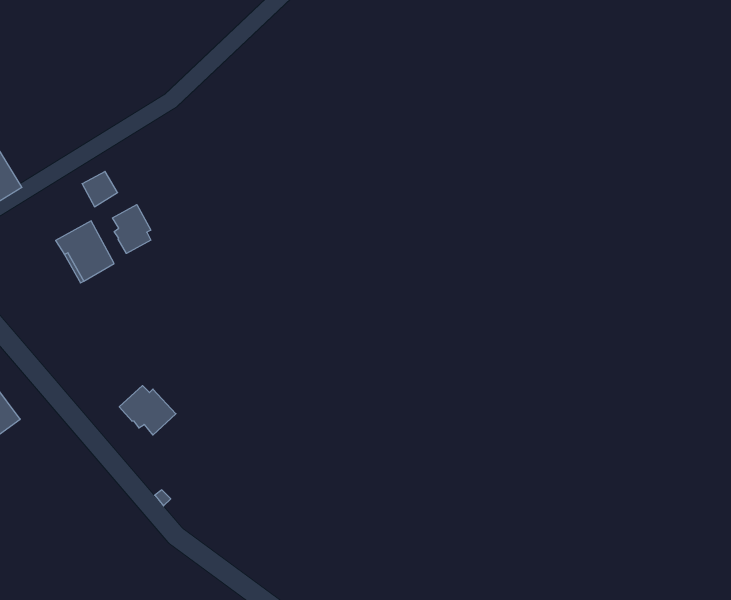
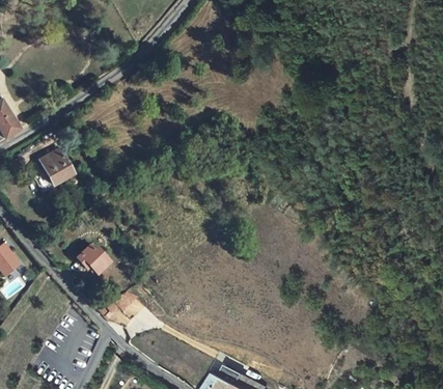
building: [112,205,151,253] -> none

